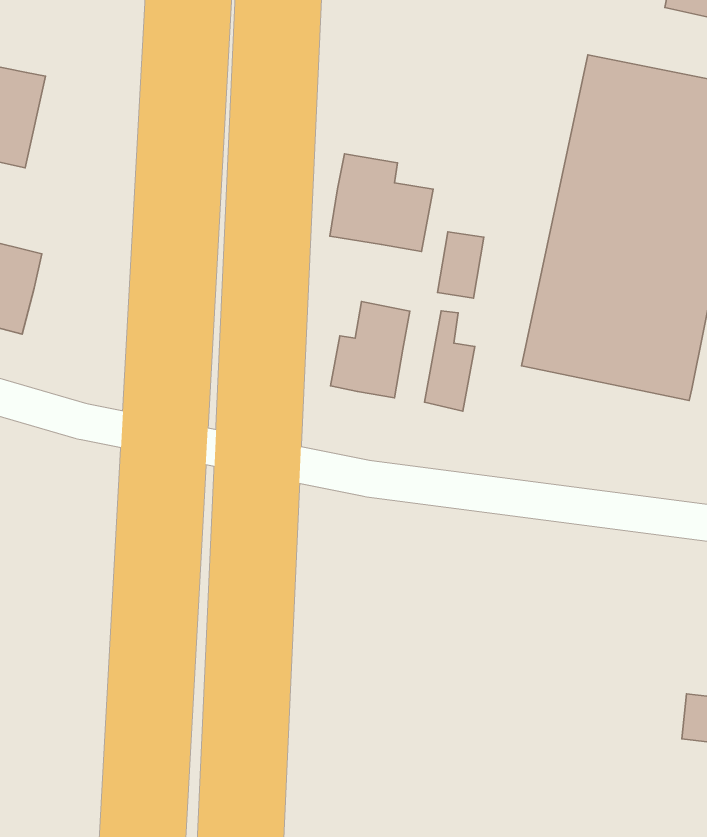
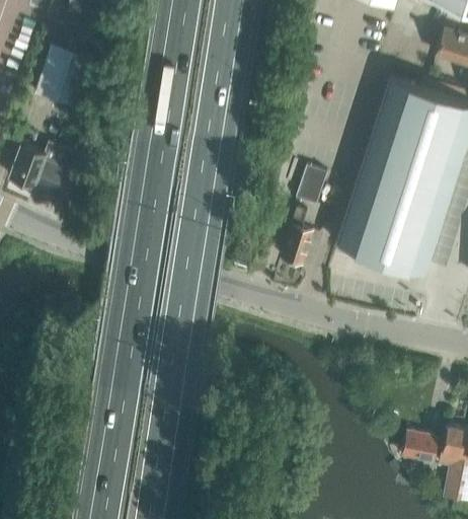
building: [330,154,433,252] -> none
building: [331,302,410,398] -> none

